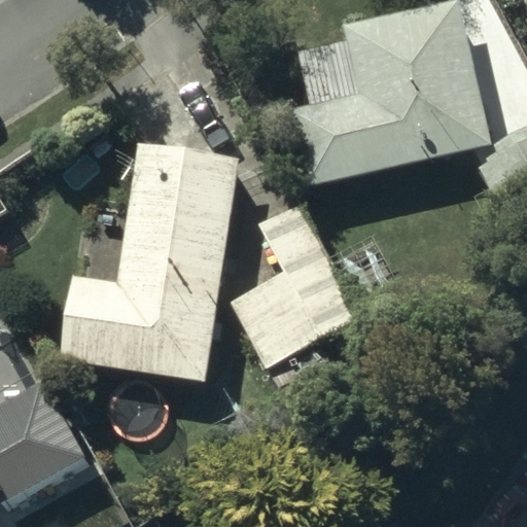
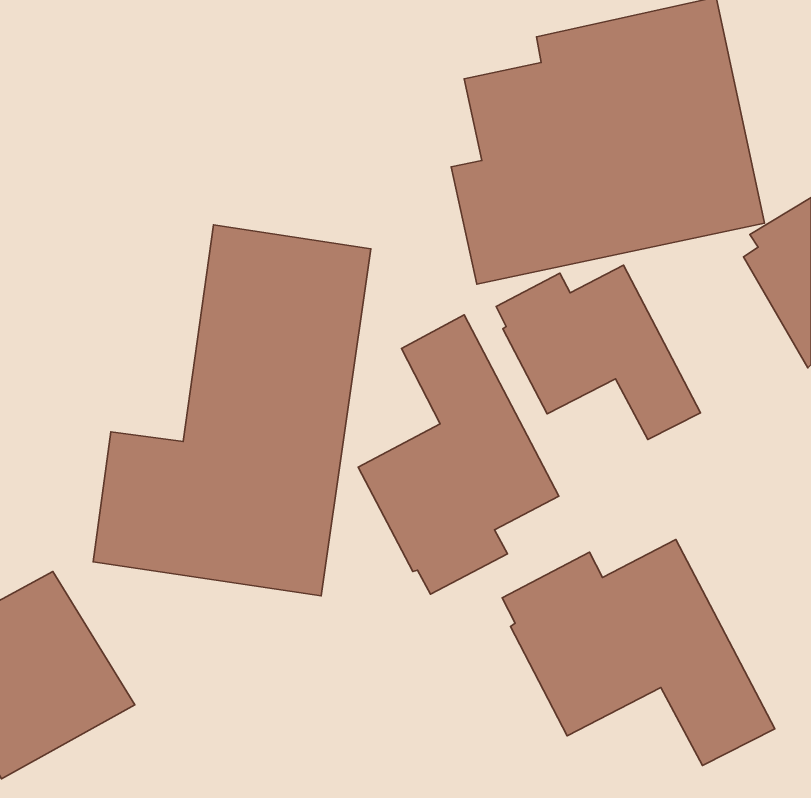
building: none -> [496,265,700,440]
building: none -> [502,539,775,765]

